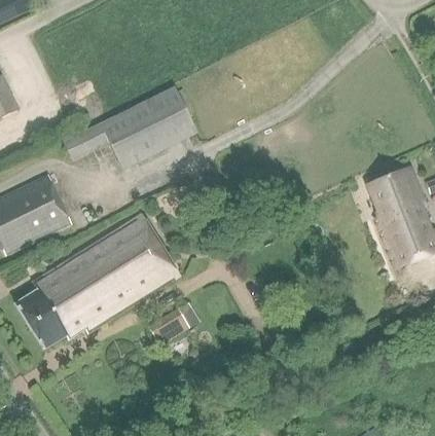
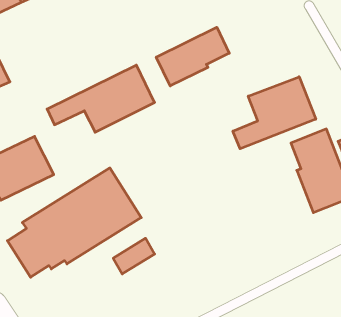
building: none -> [156,27,229,86]
building: none -> [233,77,316,149]

